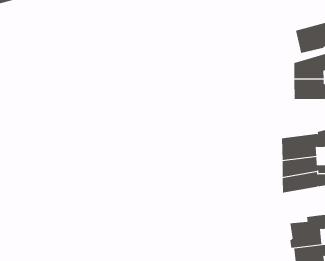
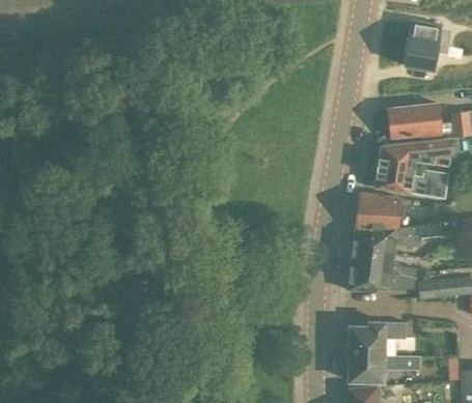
building: none -> [355,193,399,229]

